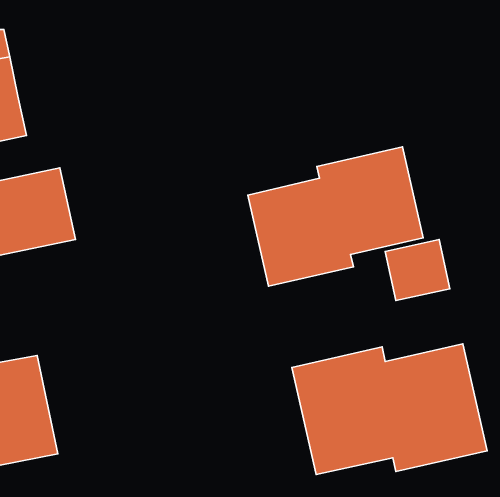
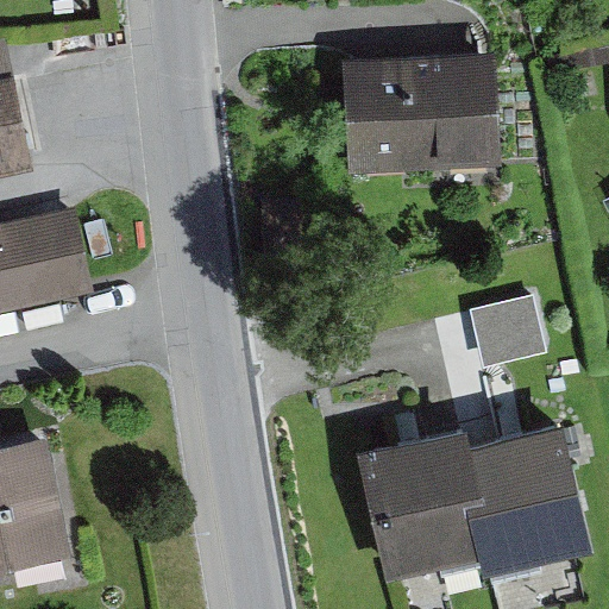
building: none -> [341,54,500,177]
building: [248,147,423,286] -> none

